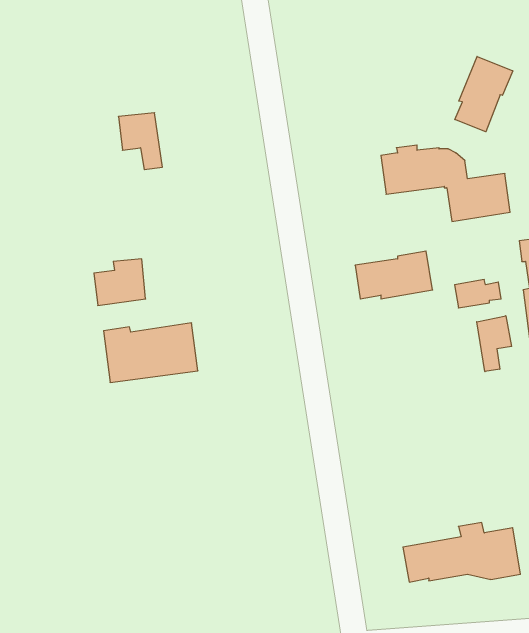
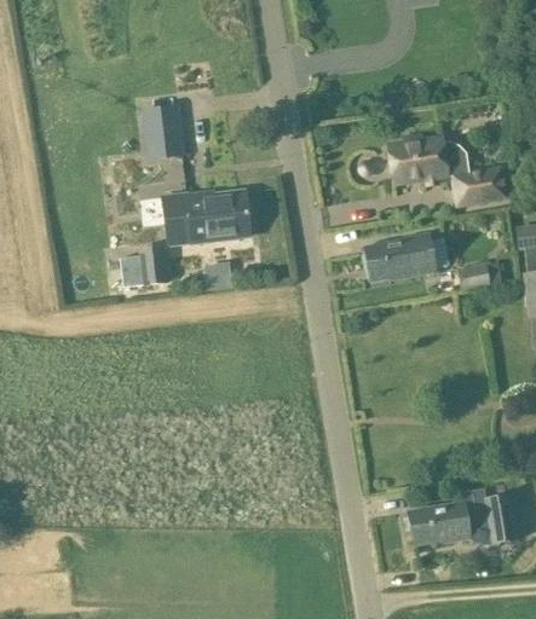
building: [455,56,513,132] -> none
building: [477,316,512,372] -> none
building: [104,323,198,382] -> [161,190,249,245]

